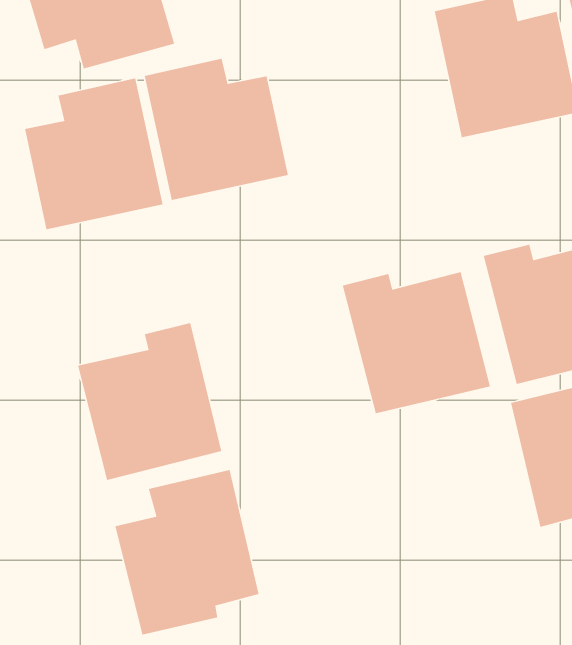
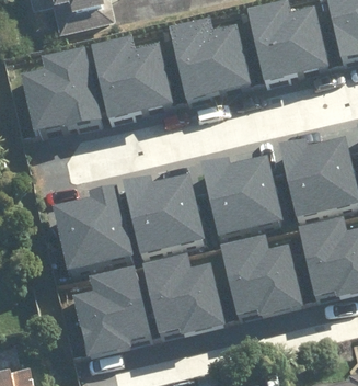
building: none -> [169,15,251,95]
building: none -> [125,173,207,253]
building: none -> [219,232,305,315]
building: none -> [142,252,229,334]

